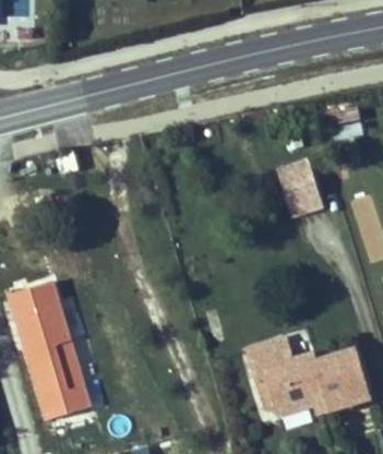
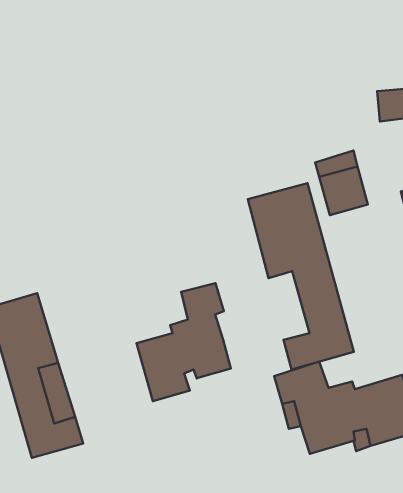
building: none -> [248,183,354,369]
building: none -> [136,283,231,401]

